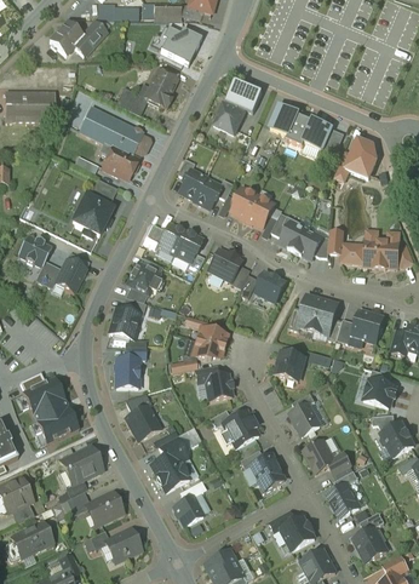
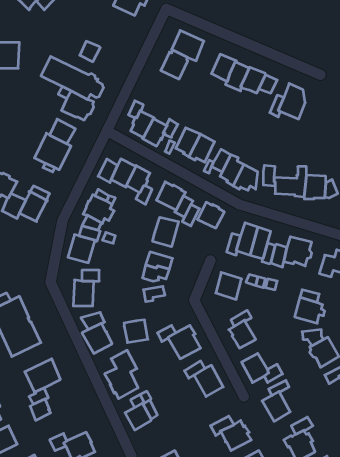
building: [144,68,177,105] -> none
building: none -> [153,217,179,247]
building: [205,373,231,399] -> [124,320,148,343]
building: [87,491,122,526] -> none

